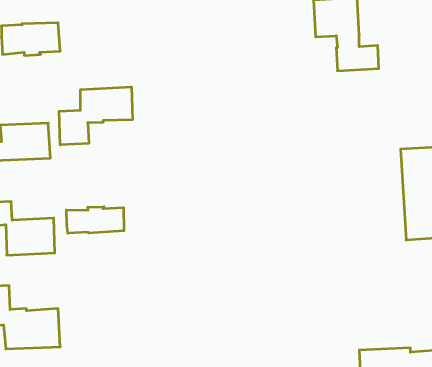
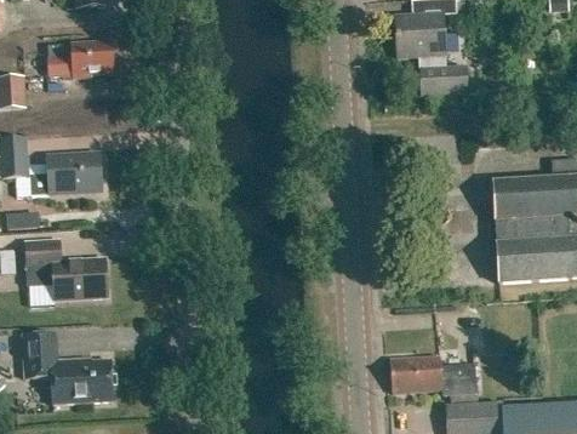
building: [59,87,132,145] -> none
building: [66,207,124,233] -> none
building: none -> [389,355,476,394]

